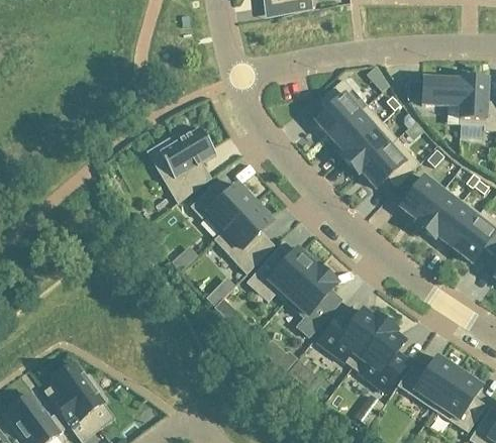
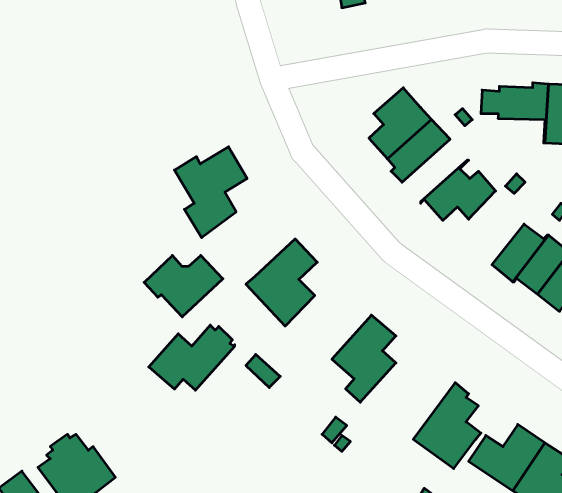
building: [342,120,396,172] -> none
building: [400,176,442,223] -> none
building: [190,183,255,233] -> [144,255,223,317]
building: [246,247,317,301] -> [149,325,235,390]
building: [318,308,386,366] -> none

